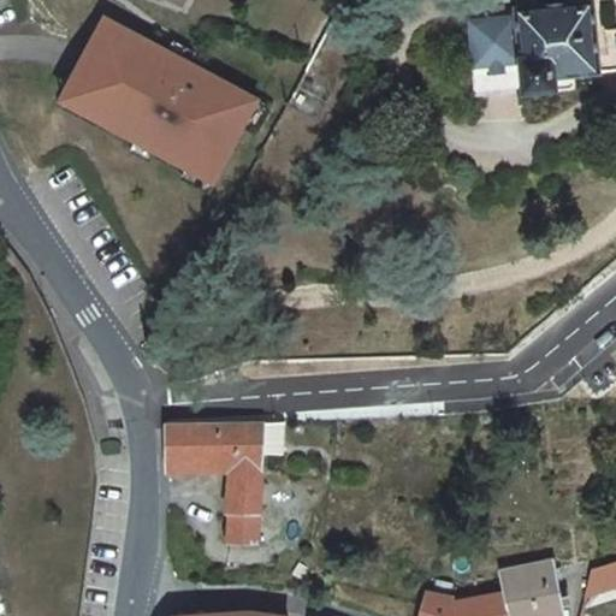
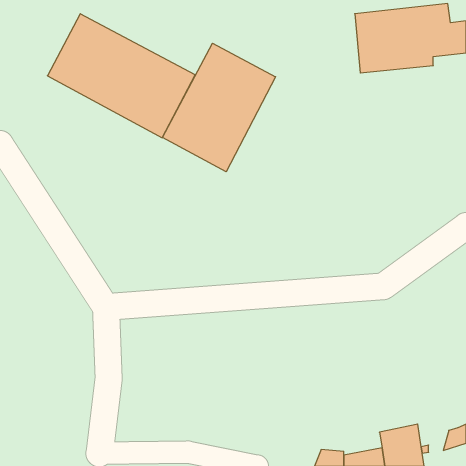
building: none -> [163,43,276,172]
building: [165,427,262,547] -> none

